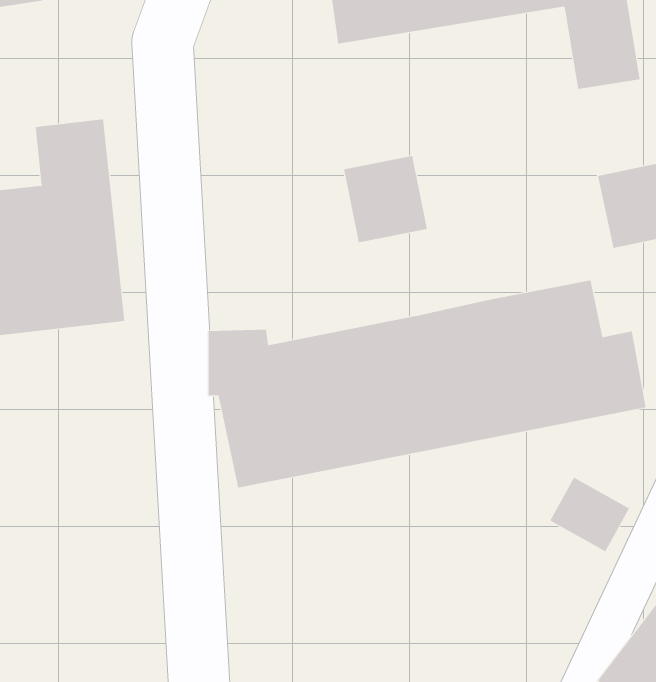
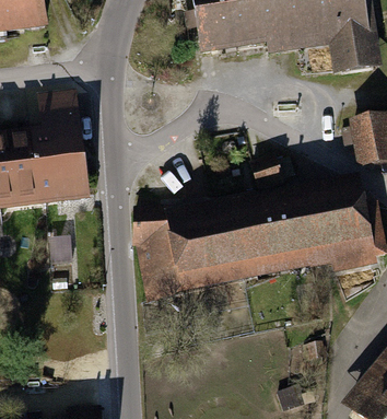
building: [344,155,427,243] -> none
building: [549,477,630,552] -> none

